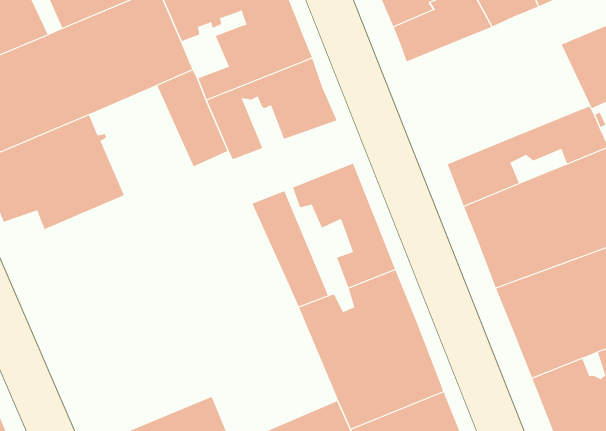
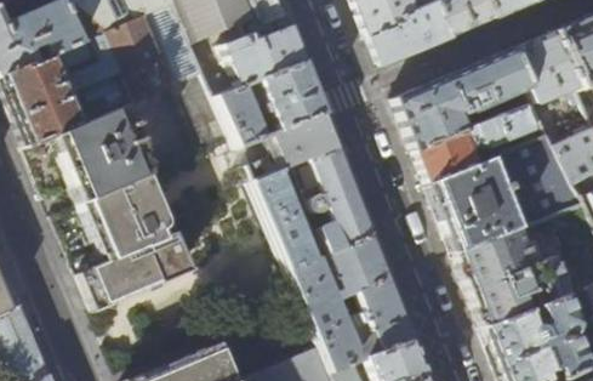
building: none -> [398,50,537,149]
building: none -> [240,113,341,182]
building: none -> [58,176,192,309]

